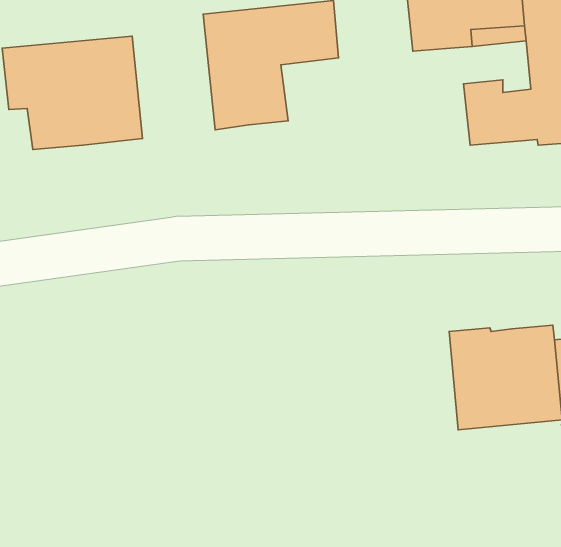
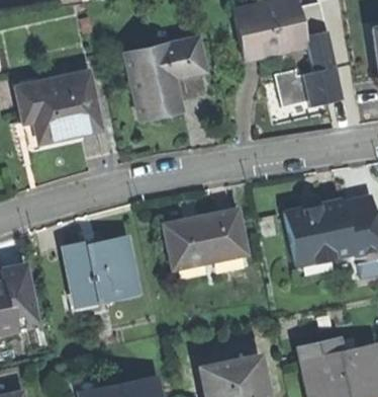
building: none -> [167,210,248,279]
building: none -> [67,238,138,303]

